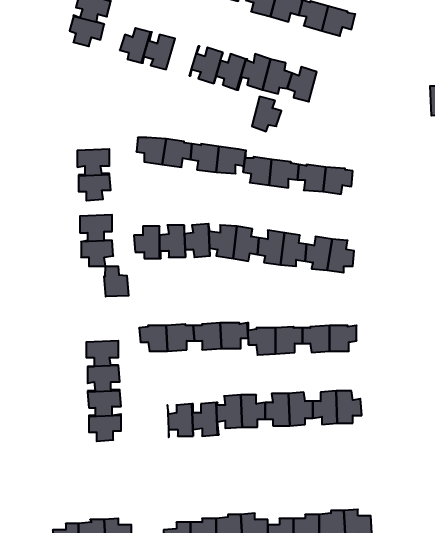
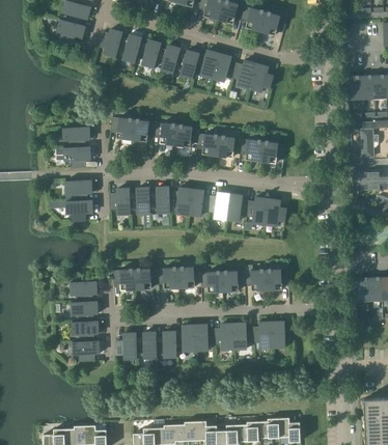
building: none -> [135,37,161,67]
building: [252,97,281,131] -> [250,64,274,92]
building: [104,266,129,297] -> none
building: none -> [116,333,137,359]

